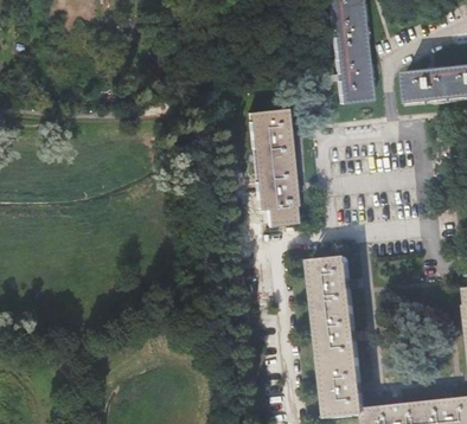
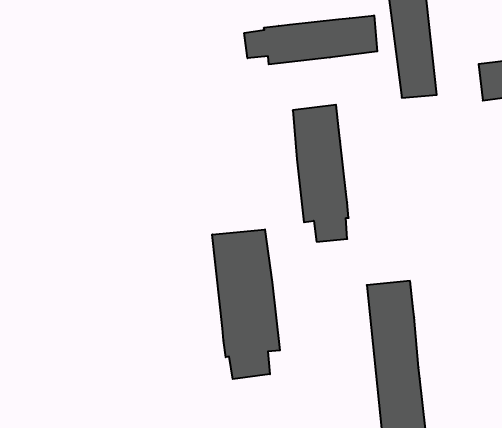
building: none -> [244,15,377,64]
building: none -> [212,229,280,379]

